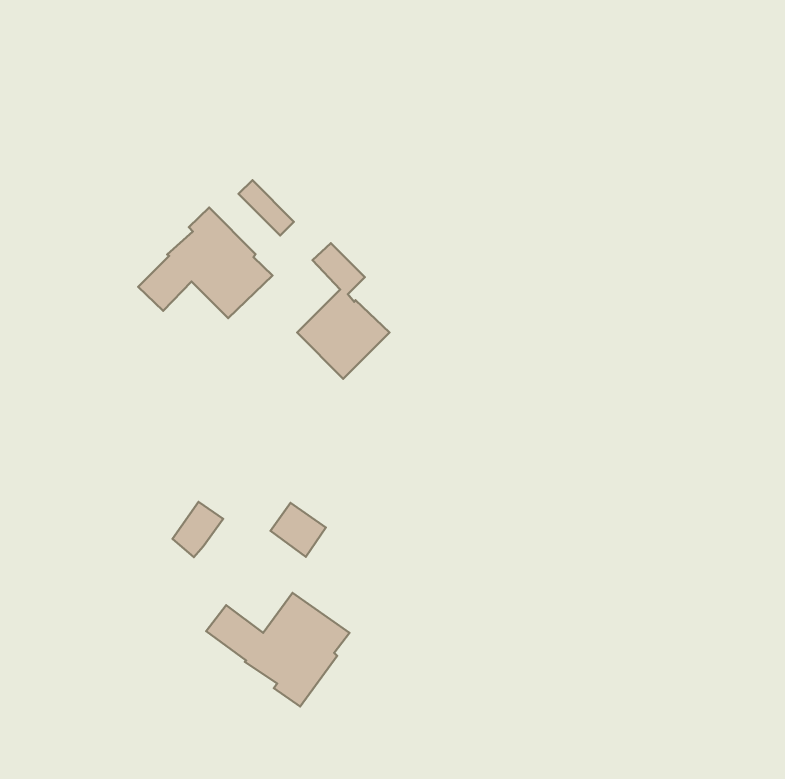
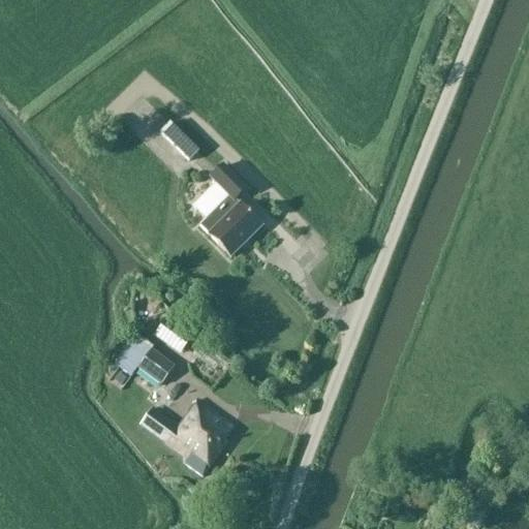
building: [138,208,273,318] -> none
building: [270,503,326,557] -> [137,348,175,384]

